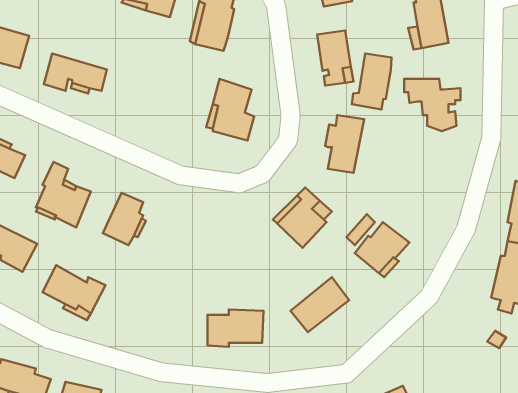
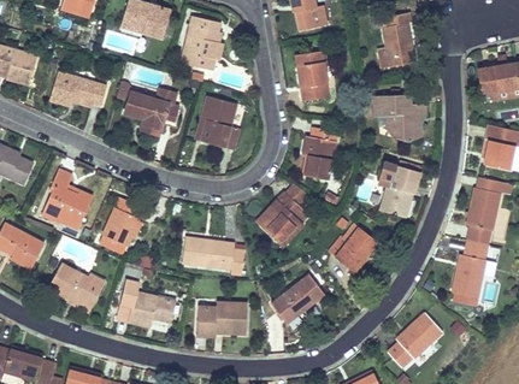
building: [352,53,392,110] -> none
building: none -> [124,91,179,130]
building: none -> [381,165,420,217]
building: none -> [182,237,235,268]
building: none -> [122,280,175,326]
building: none -> [387,313,442,366]

